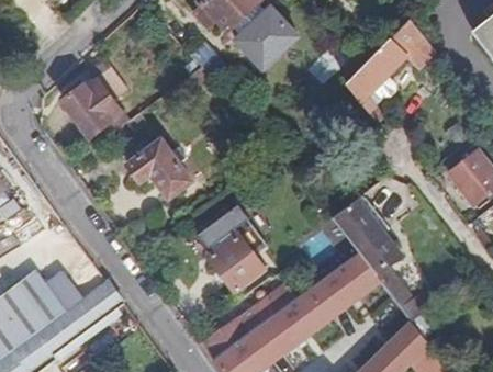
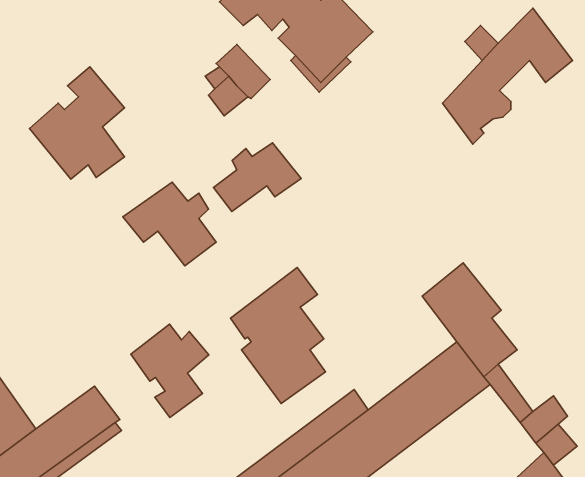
building: none -> [214,143,301,212]
building: none -> [131,324,209,418]

